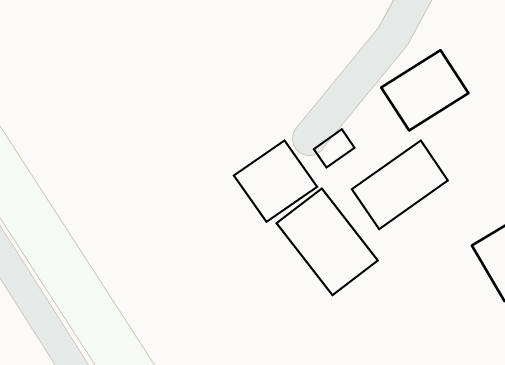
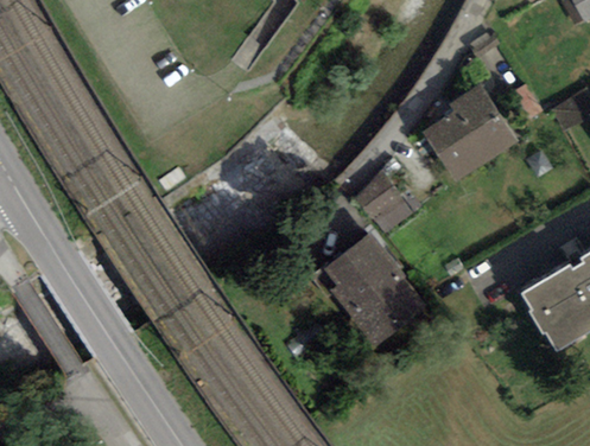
building: [234,140,317,222] -> none
building: [352,140,448,229] -> none

